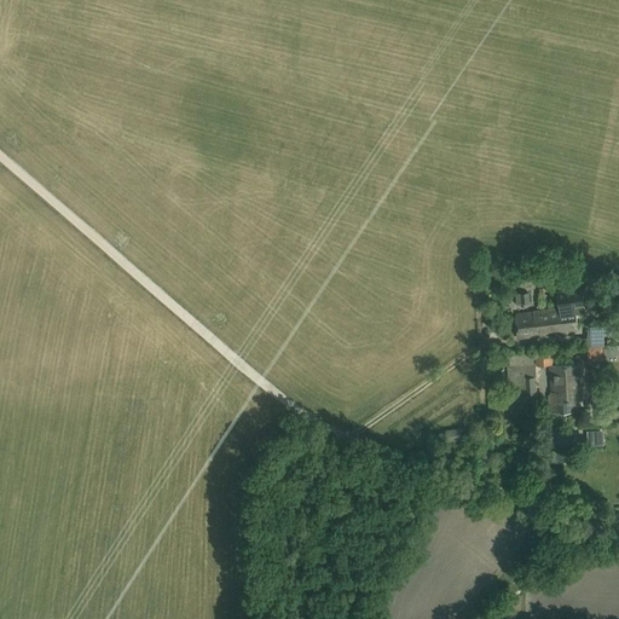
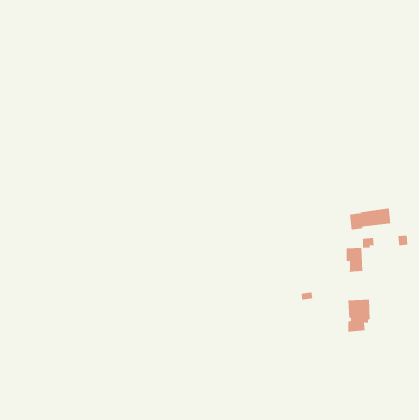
building: [548,364,582,412] -> [348,299,371,332]

